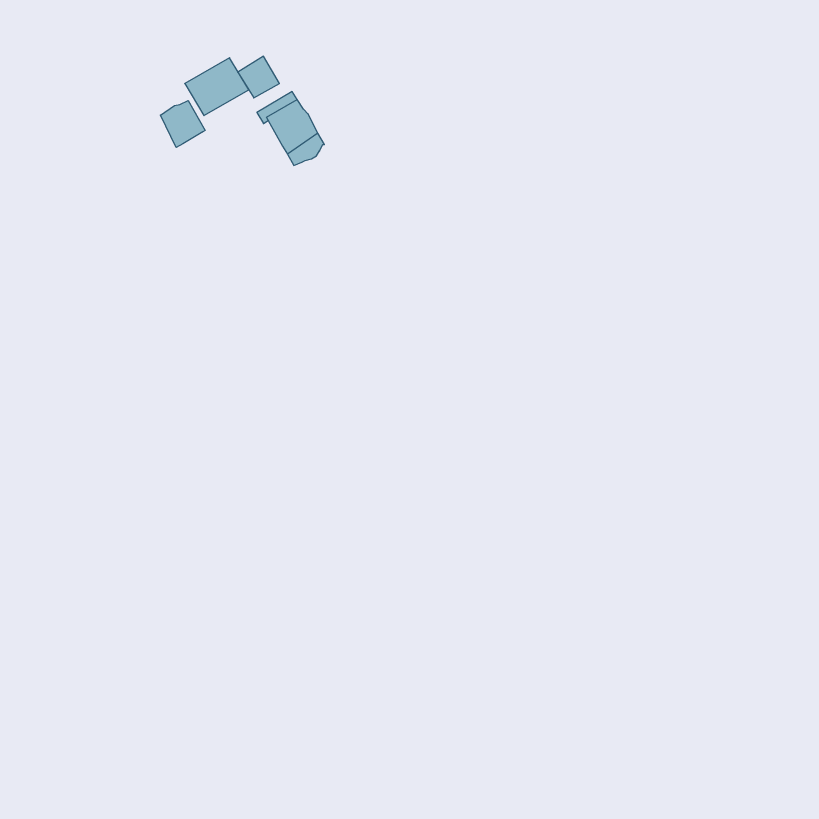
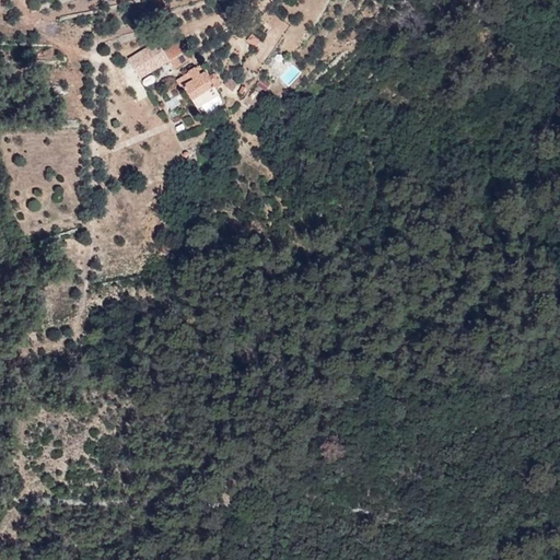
building: [160,101,205,147] -> none

